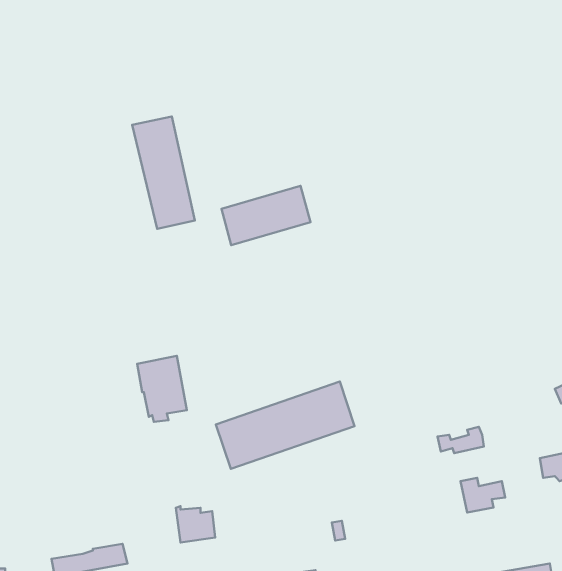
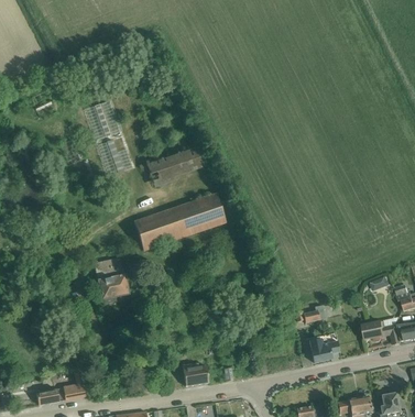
building: [216,382,355,469] -> [133,193,226,251]
building: [176,506,215,543] -> [182,362,208,386]

